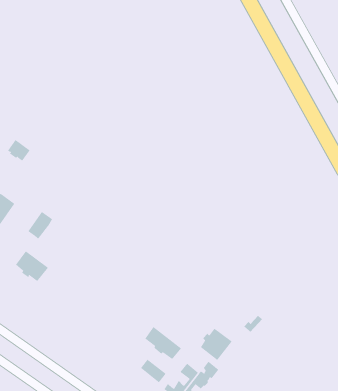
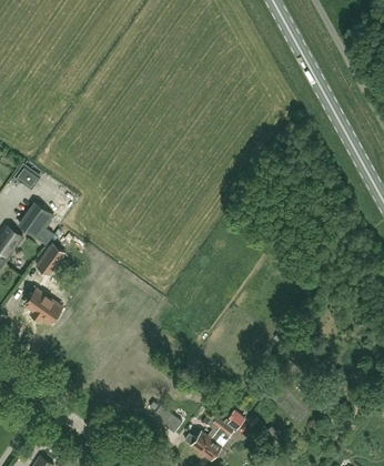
building: none -> [20,202,52,237]
building: [144,326,182,360] -> none
building: [200,328,232,361] -> none

